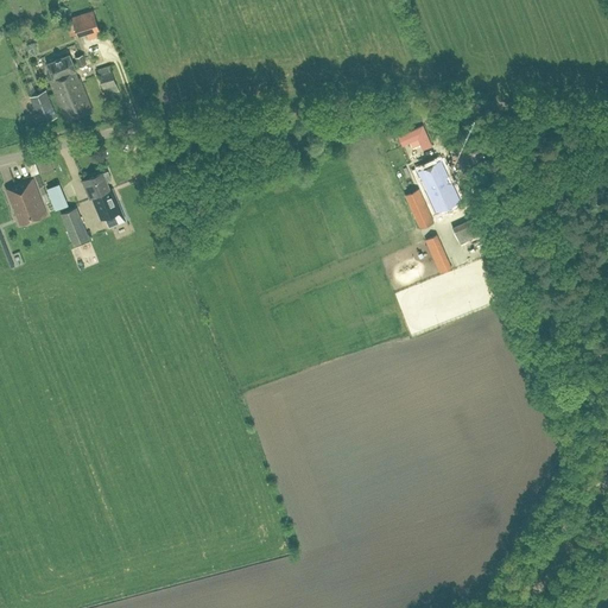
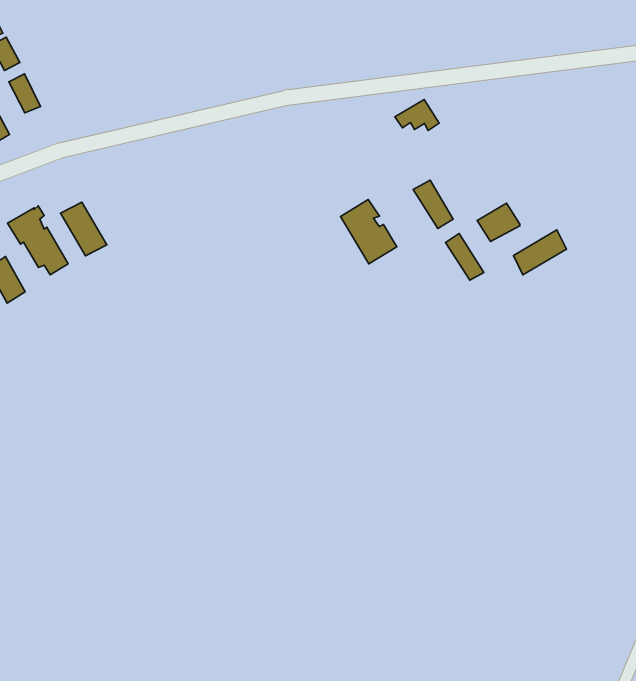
building: [418,162,460,213] -> [340,199,397,264]
building: none -> [61,202,107,256]
building: none -> [513,230,567,275]

